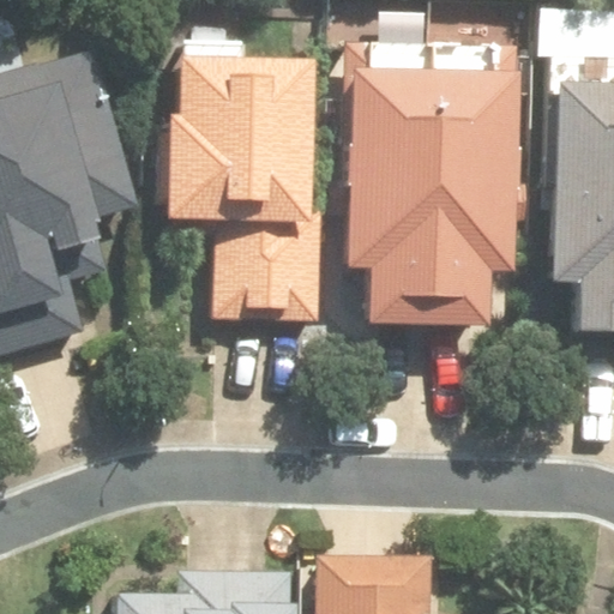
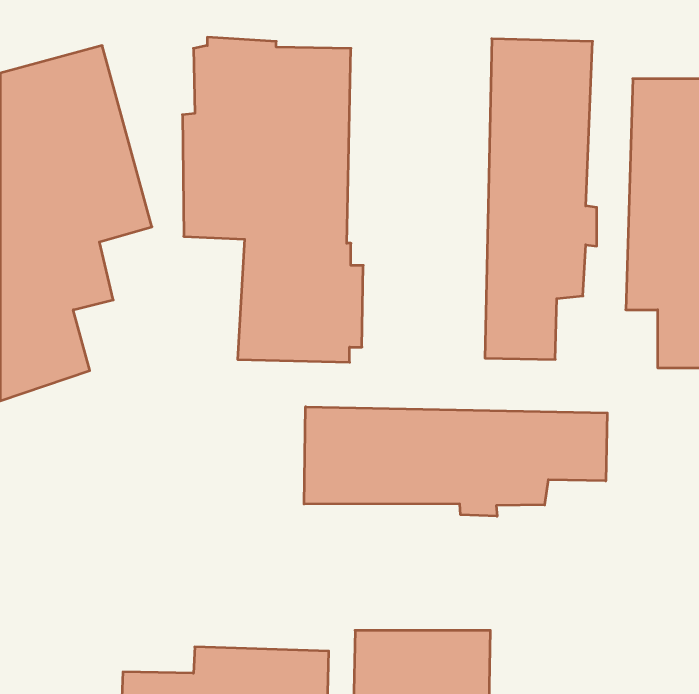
building: [342,43,433,321] -> none
building: none -> [304,407,607,516]

